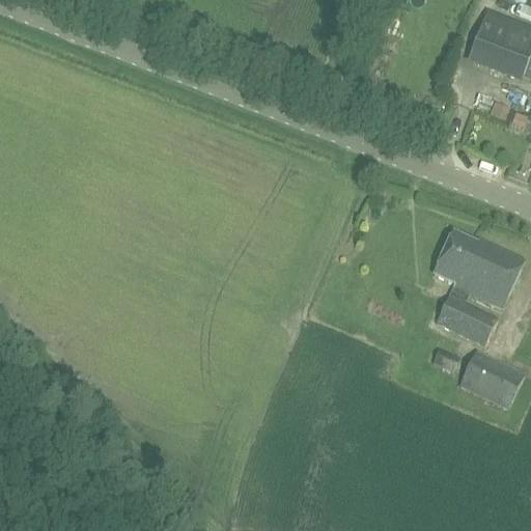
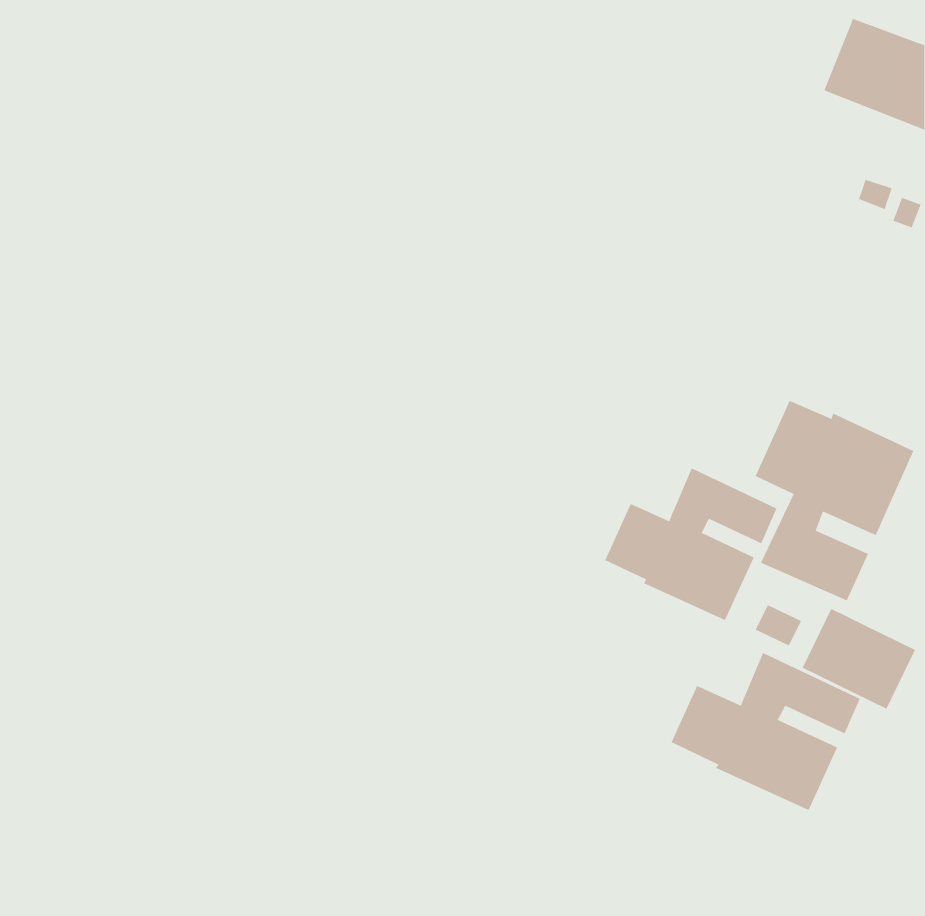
building: none -> [604,468,777,621]
building: none -> [671,652,861,811]

